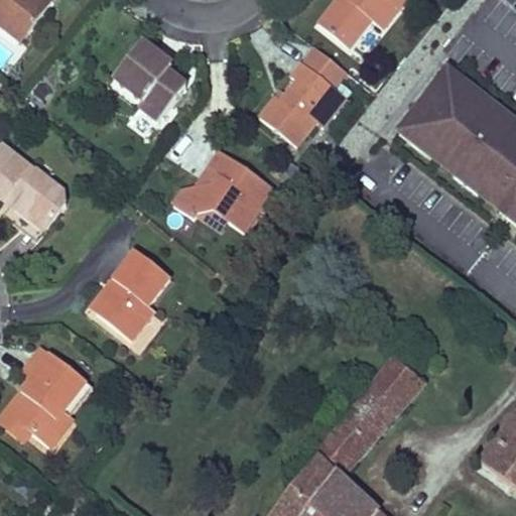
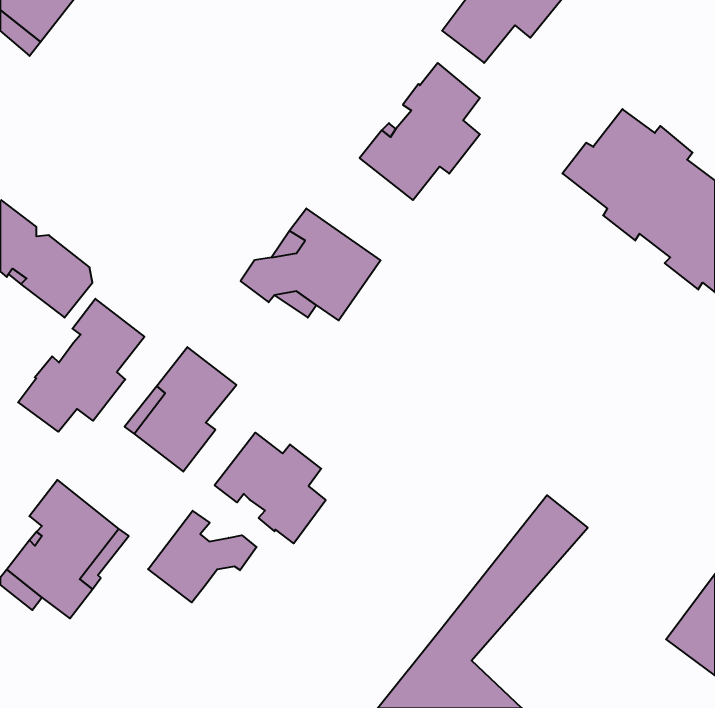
building: [114,41,186,120] -> none
building: none -> [18,299,144,432]
building: none -> [215,433,326,543]
building: none -> [148,511,257,602]

